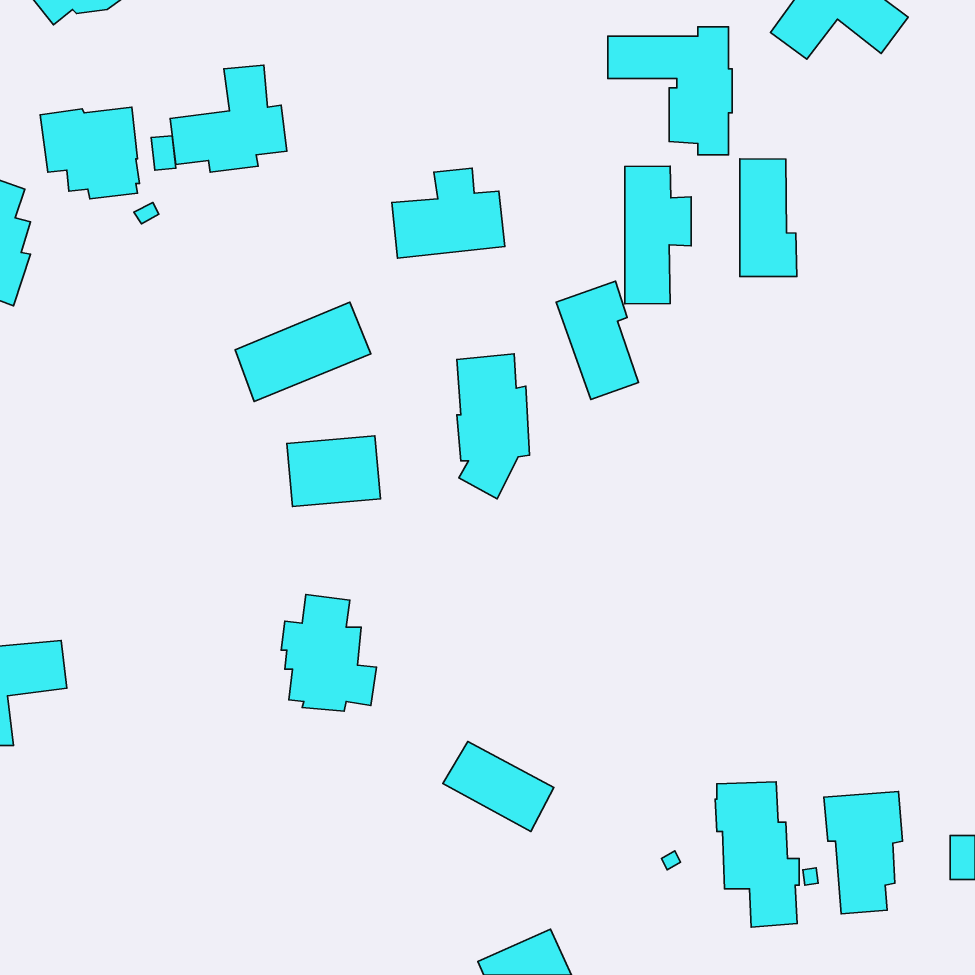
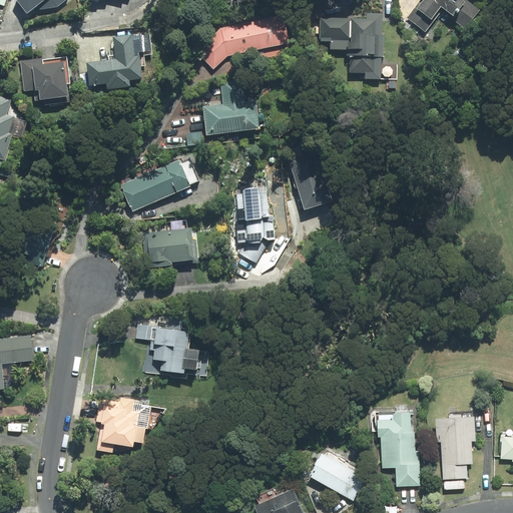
building: none -> [195,14,293,69]
building: [740,159,797,276] -> none
building: [625,166,691,304] -> none
building: [443,742,554,831] -> [305,453,363,500]
building: none -> [96,397,143,453]

